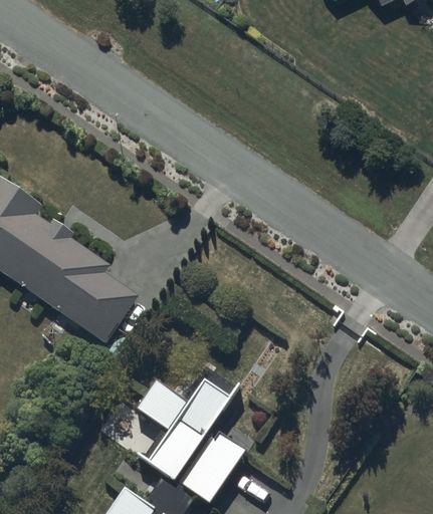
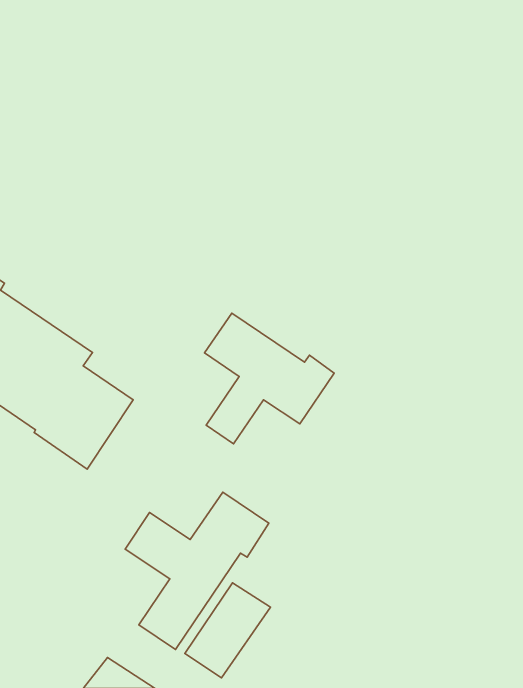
building: none -> [205,313,334,444]

